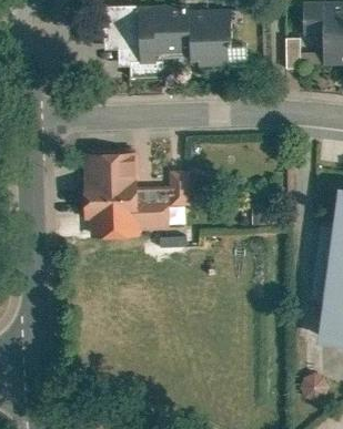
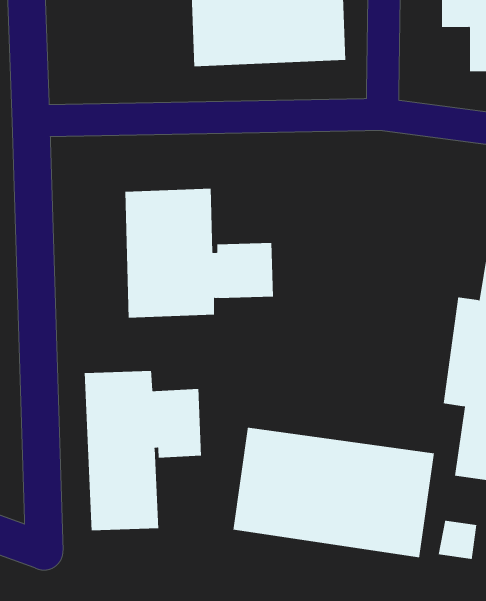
building: none -> [84,370,202,531]
building: none -> [233,427,434,558]

